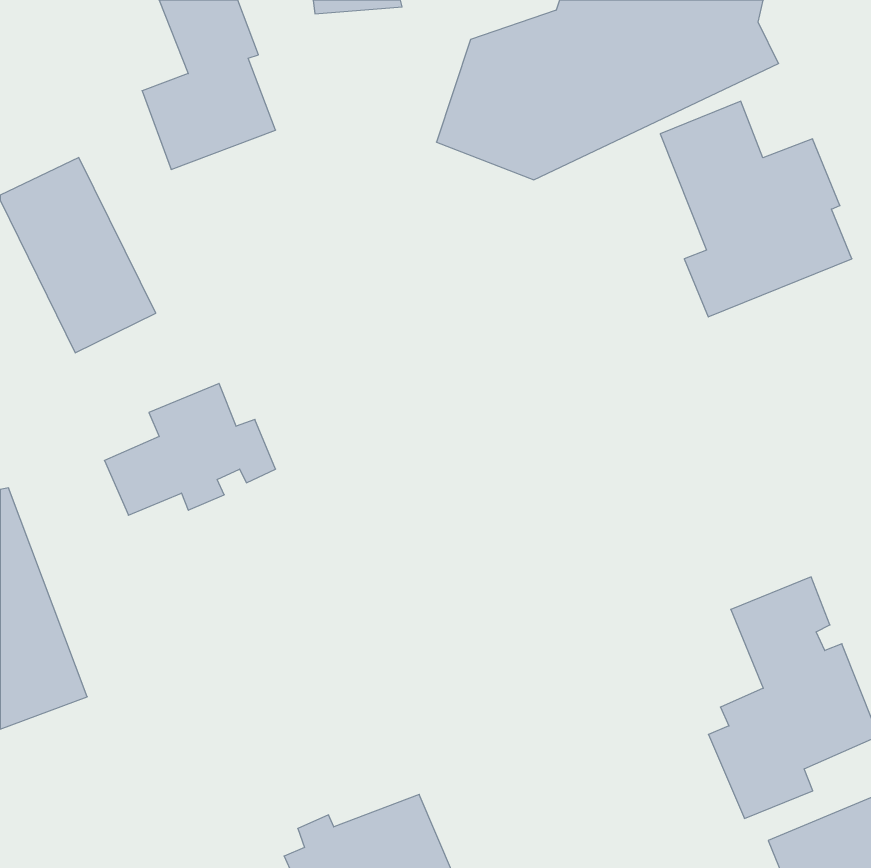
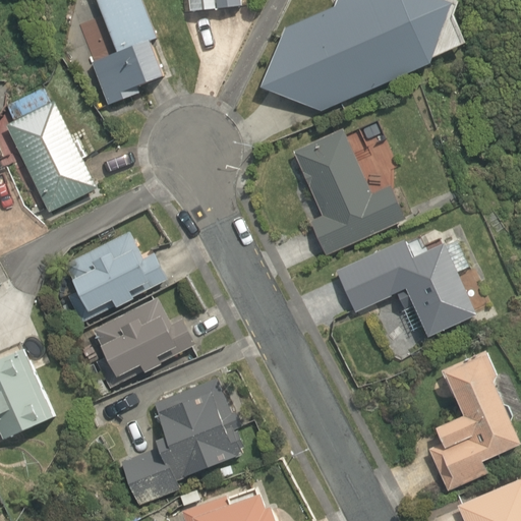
building: [660,101,852,317] -> [295,127,409,255]
building: none -> [335,226,472,340]
building: none -> [94,299,193,378]
building: none -> [121,370,254,506]

